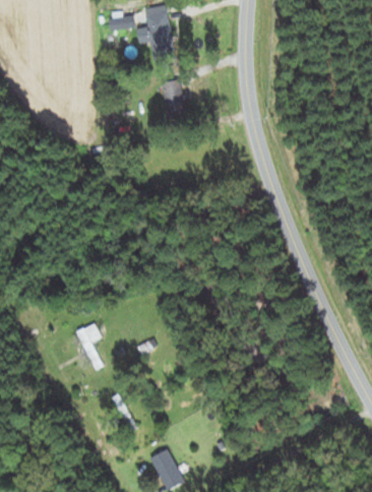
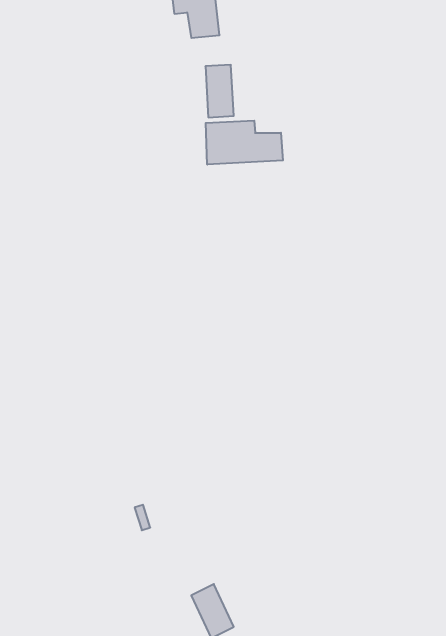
building: none -> [206,121,283,165]
building: [72,321,103,370] -> none

